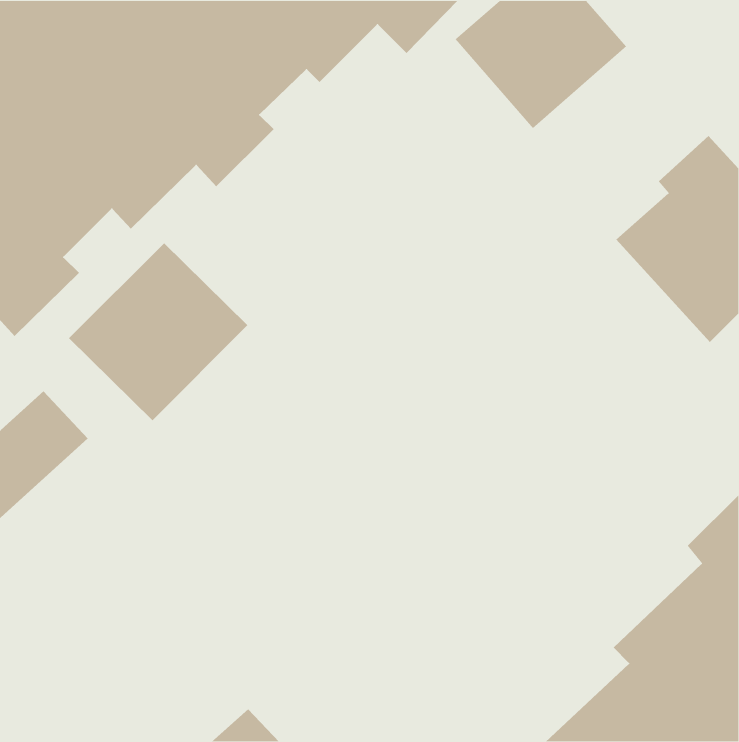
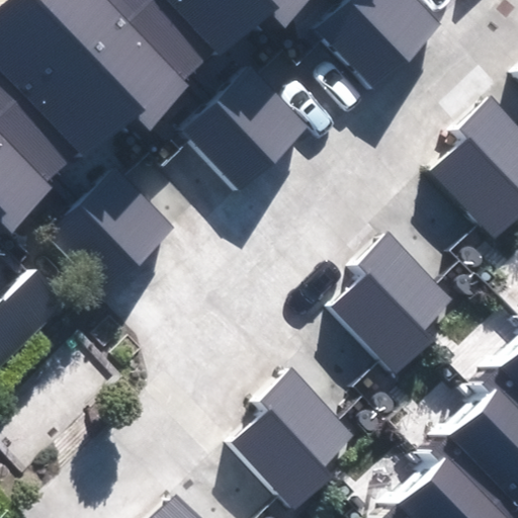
building: none -> [182,68,307,191]
building: none -> [328,232,456,375]
building: none -> [229,367,357,511]

